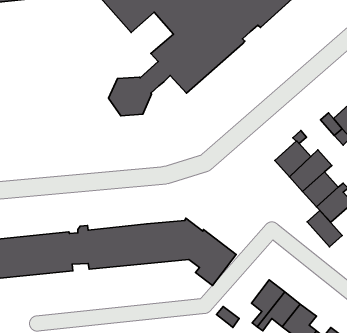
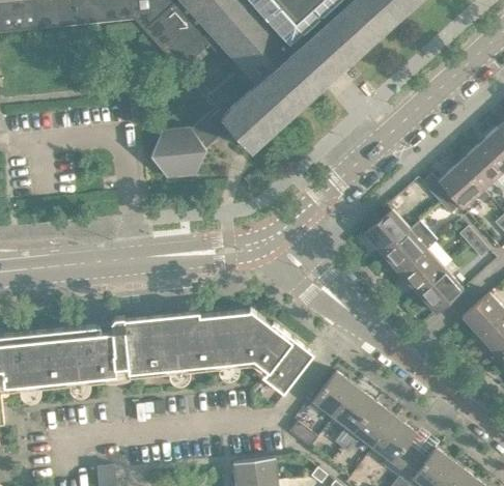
building: [307,211,342,247] -> none
building: none -> [309,372,357,418]

